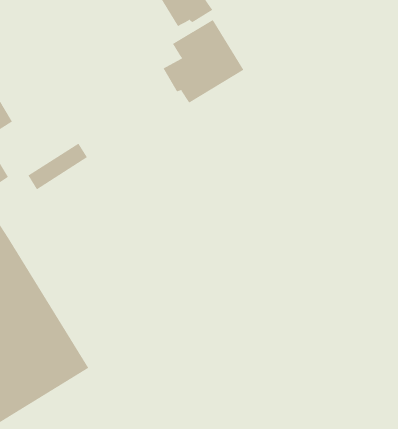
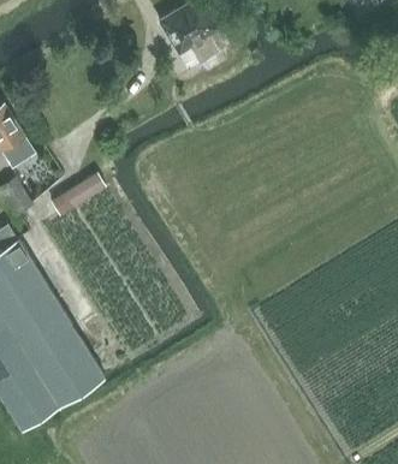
building: [163,19,244,103] -> none

